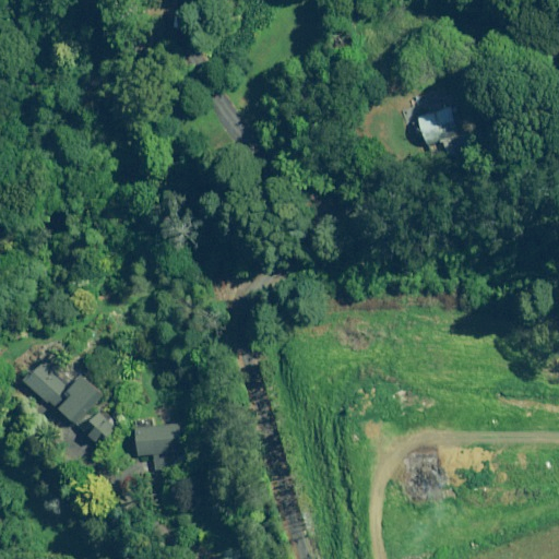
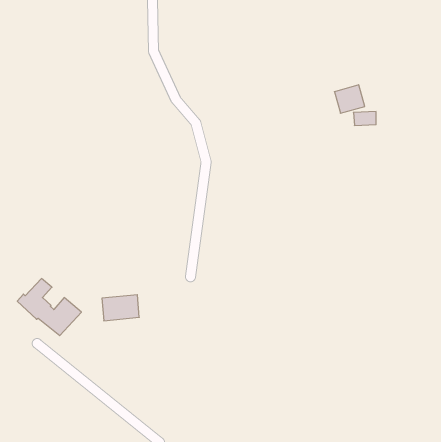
building: [83,413,114,443] -> none
building: [134,424,181,456] -> [102,295,139,321]

